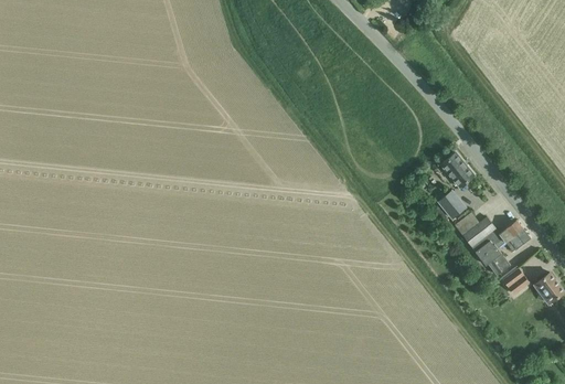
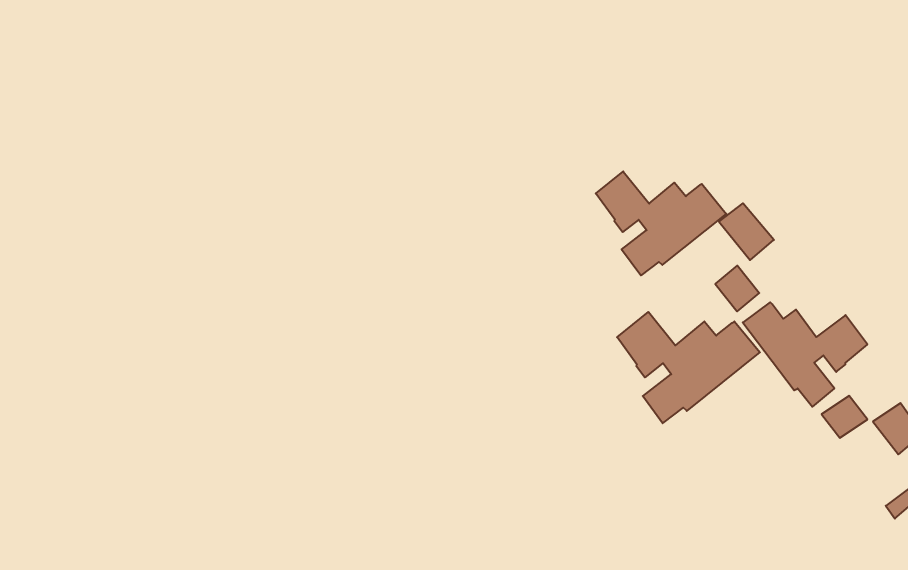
building: none -> [596,171,726,275]
building: none -> [617,312,760,423]

